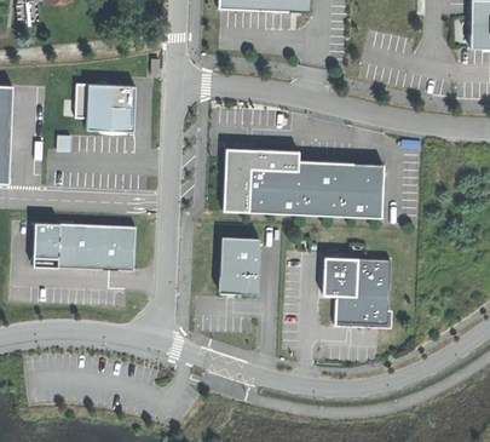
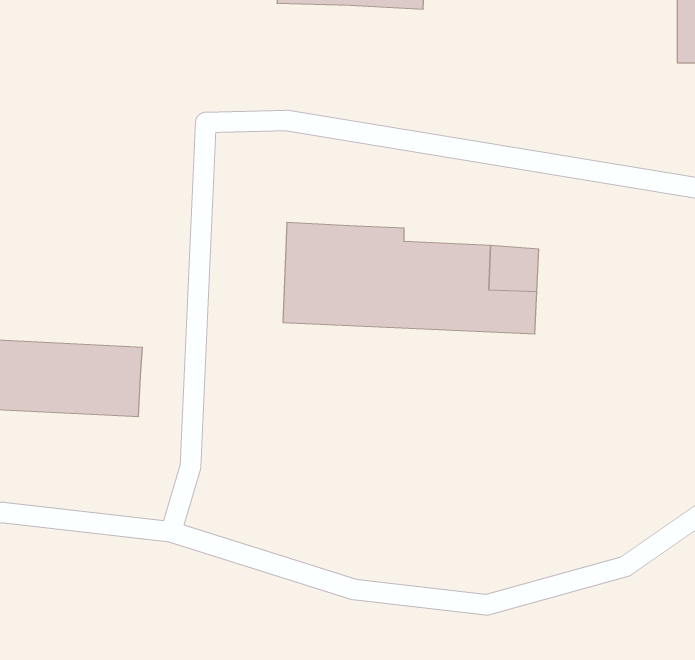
building: [75,84,136,132] -> none
building: [220,236,260,294] -> none
building: [323,257,391,325] -> none

